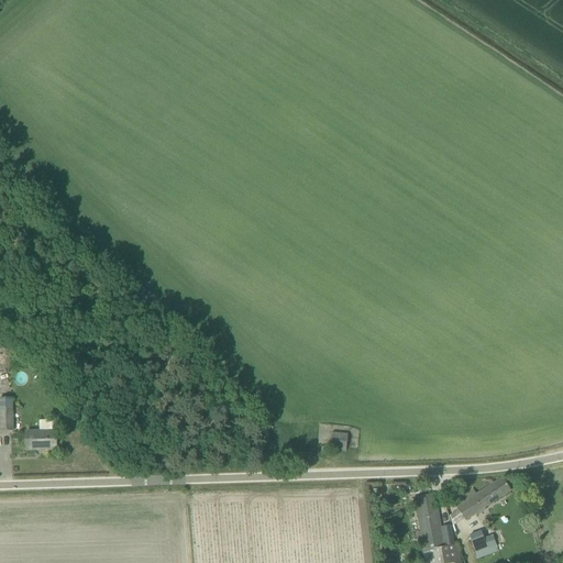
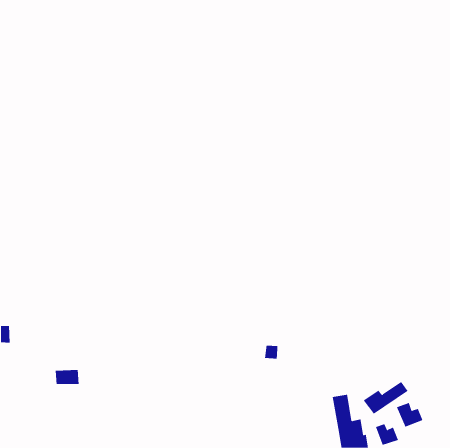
building: [25,429,56,448] -> [55,370,79,385]
building: none -> [396,402,423,428]

